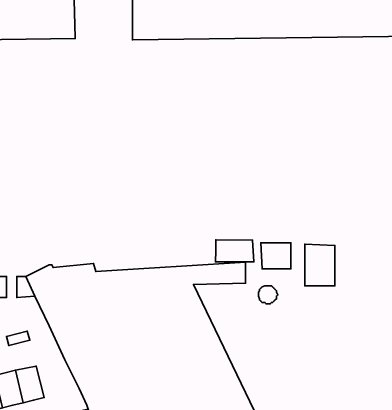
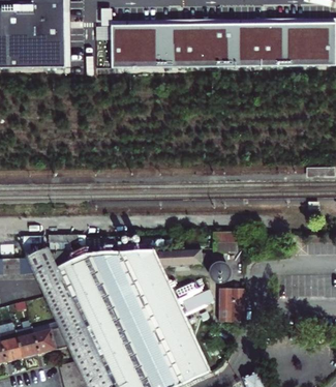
building: [216,240,254,262] -> none
building: [305,244,335,286] -> [220,287,244,320]
building: none -> [34,323,68,353]

